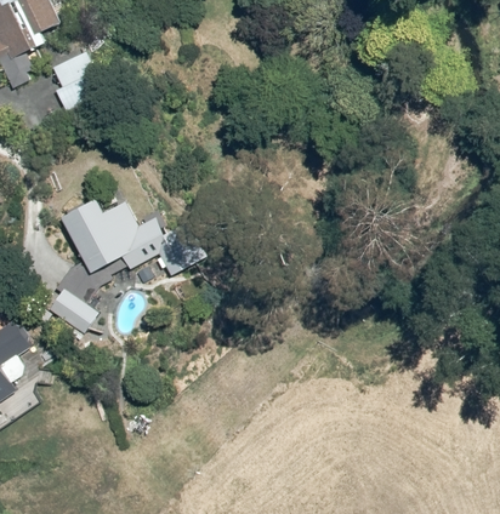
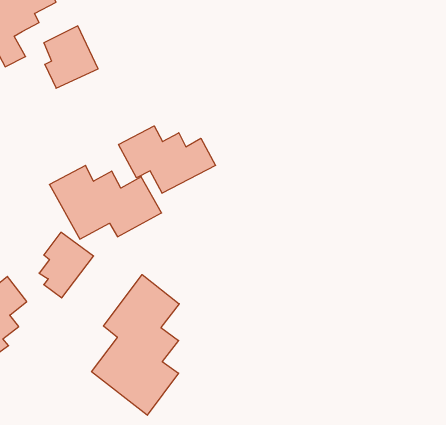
building: none -> [119,126,216,193]
building: none -> [92,275,179,415]

